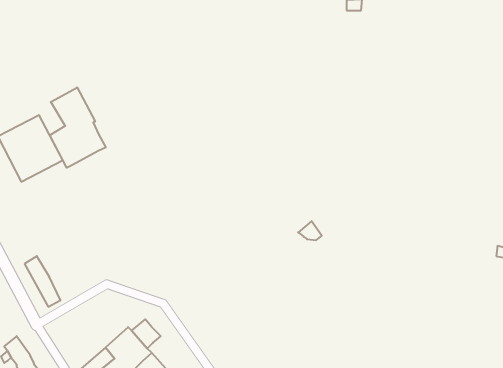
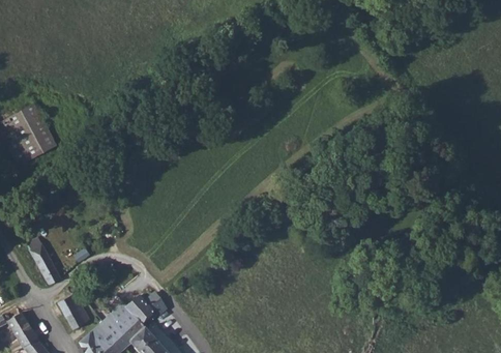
building: [50,87,106,168] -> none
building: none -> [58,293,86,328]

